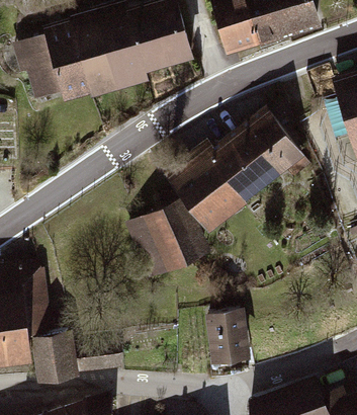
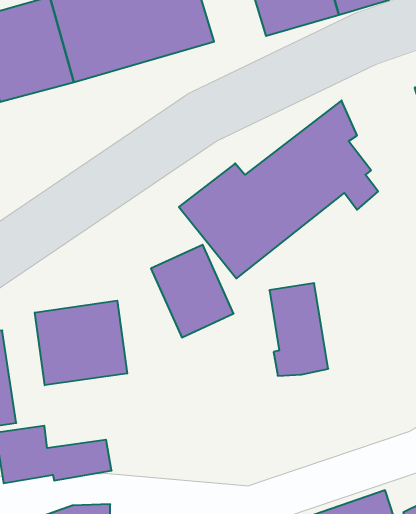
building: none -> [35,301,127,385]
building: [205,313,248,380] -> [269,283,328,376]

